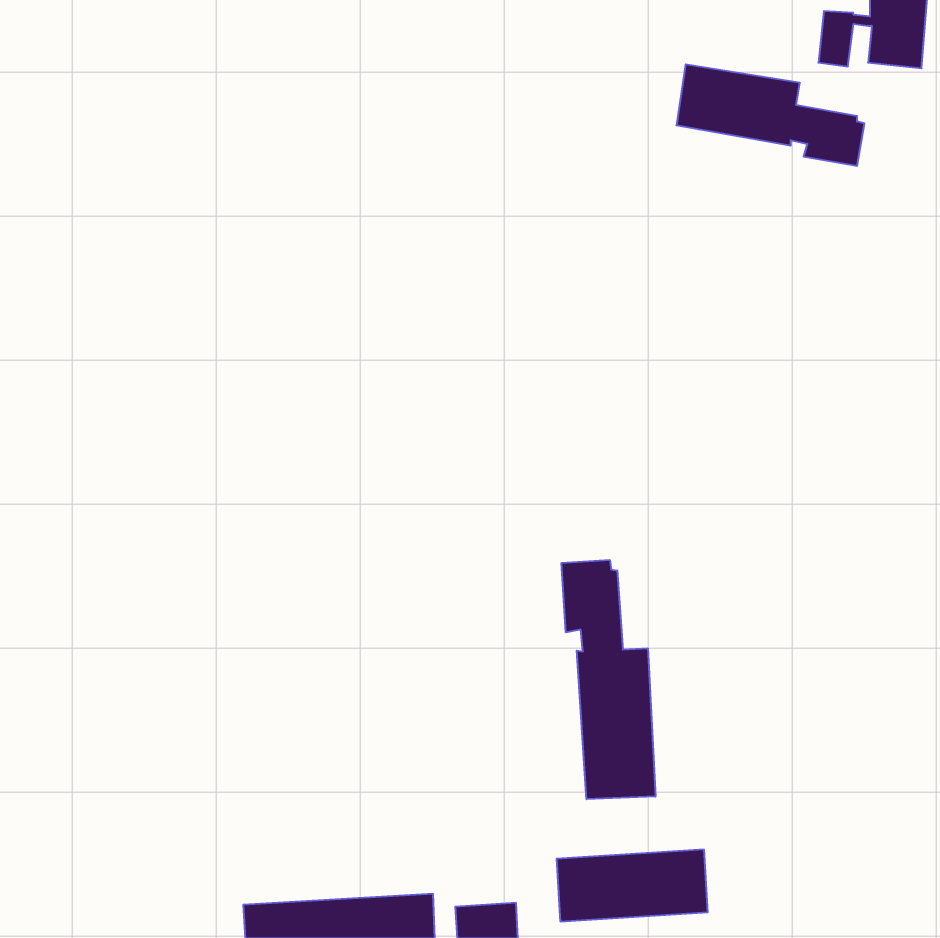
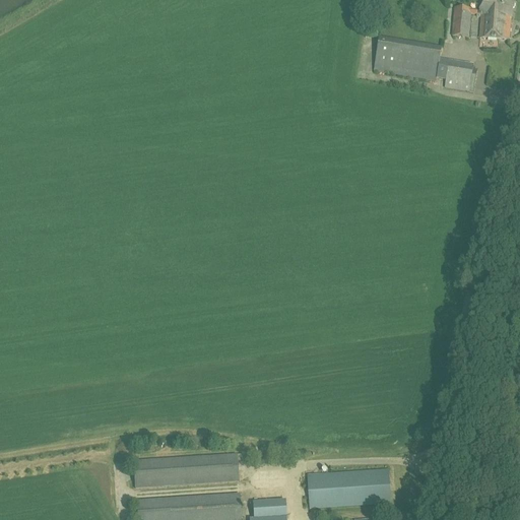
building: [562,560,655,799] -> none
building: none -> [132,452,243,488]

